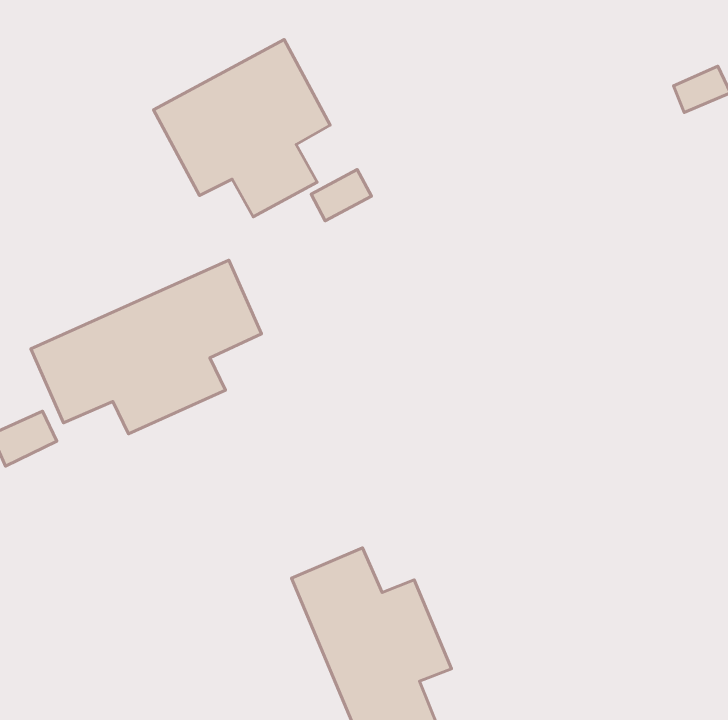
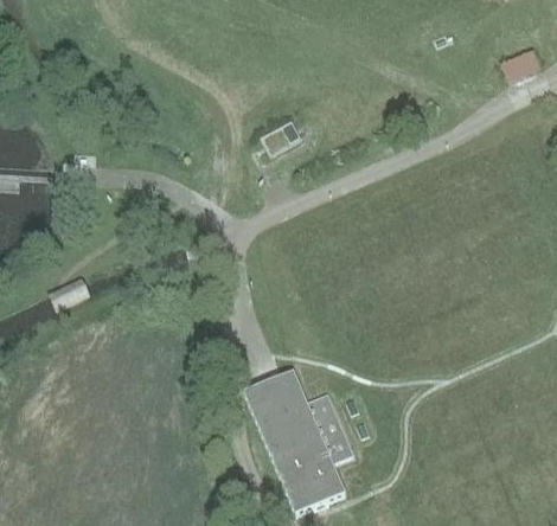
building: [154,40,330,217] -> none
building: [31,260,262,434] -> none

